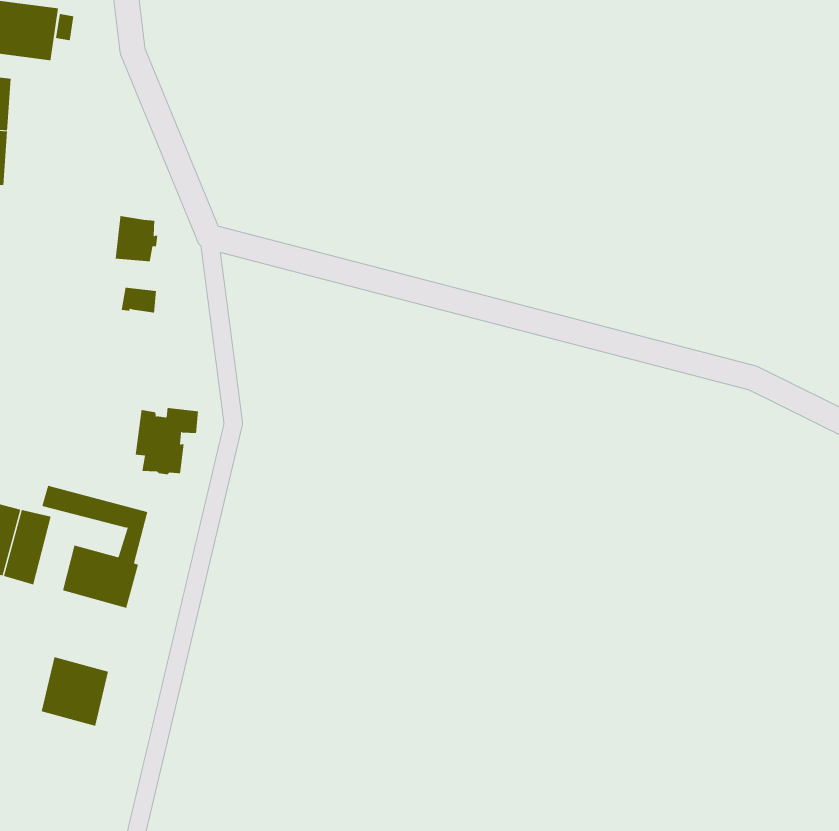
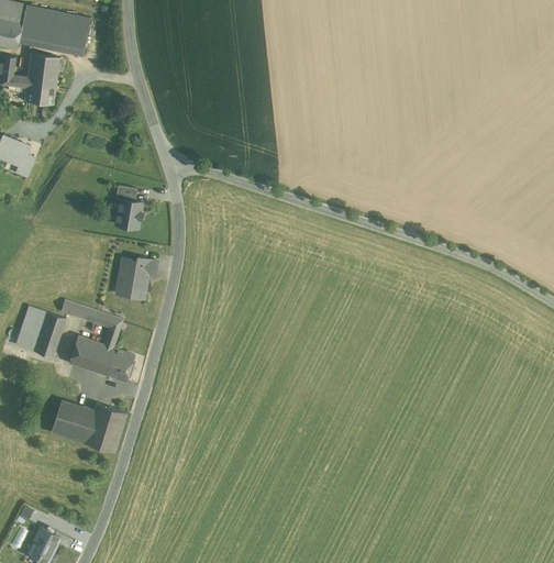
building: [115,216,158,262] -> [115,199,142,228]
building: none -> [106,350,134,382]
building: none -> [82,404,126,453]

